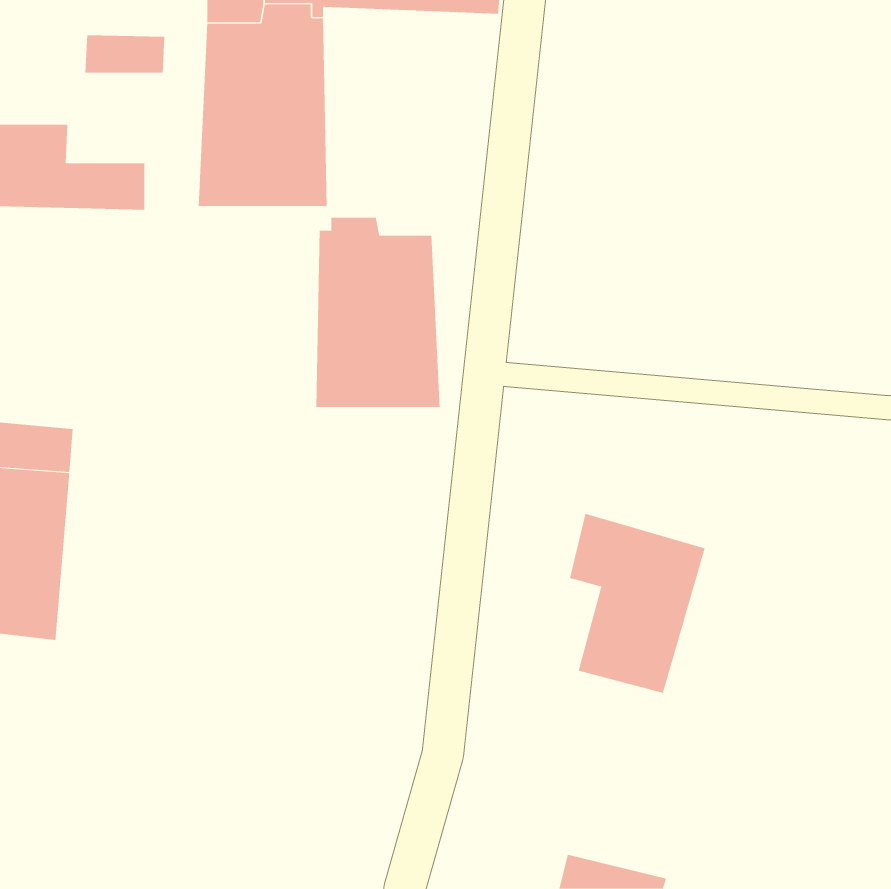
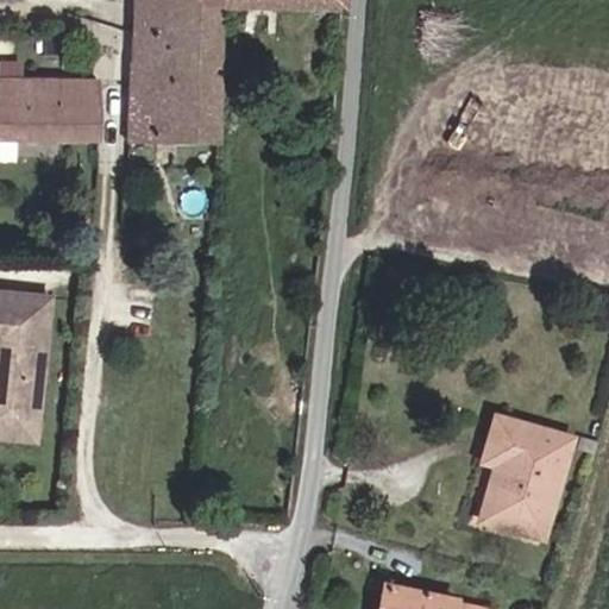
building: [85,35,165,73] -> [45,84,100,111]
building: [316,217,440,408] -> none
building: [569,513,706,694] -> [477,414,570,536]

